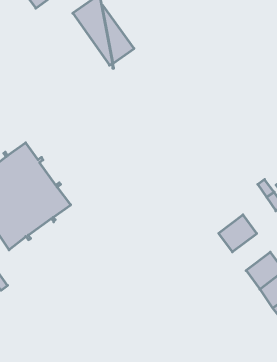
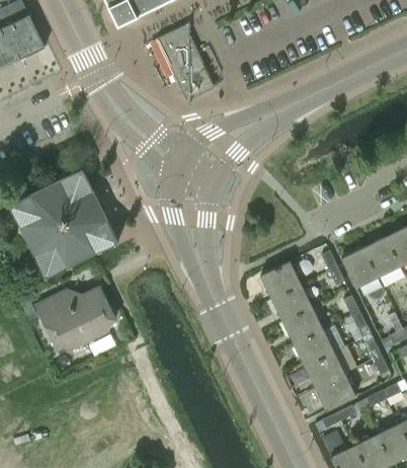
building: none -> [260,262,301,300]
building: none -> [282,307,323,344]
building: none -> [36,288,115,348]

